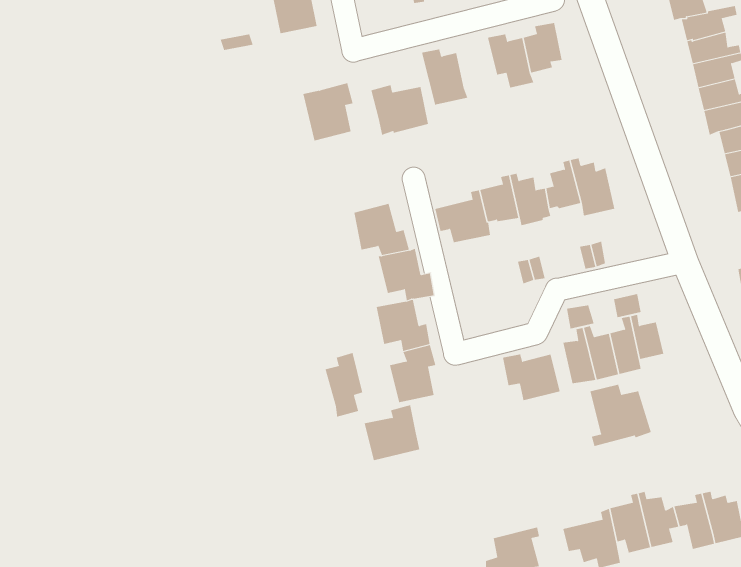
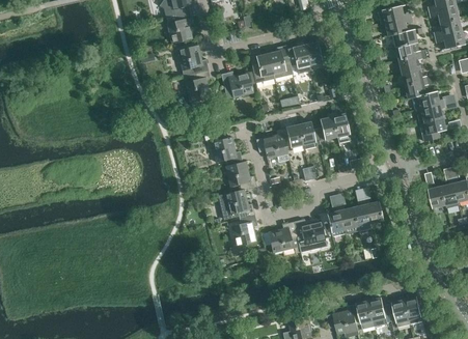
building: none -> [177,45,209,74]
building: none -> [269,45,293,78]
building: [325,352,363,418] -> none
building: [590,384,651,447] -> none
building: [364,404,420,461] -> [268,221,299,252]

